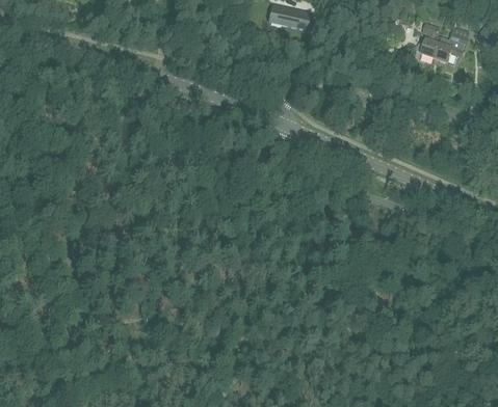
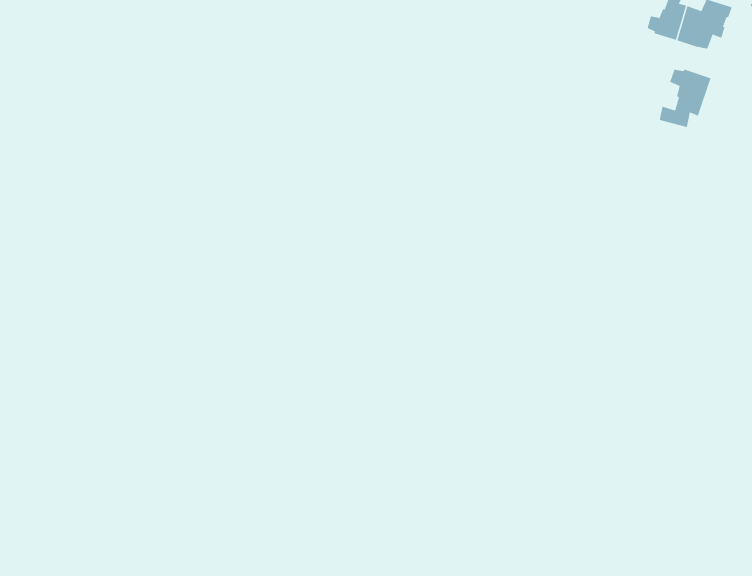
building: none -> [659,69,711,128]

